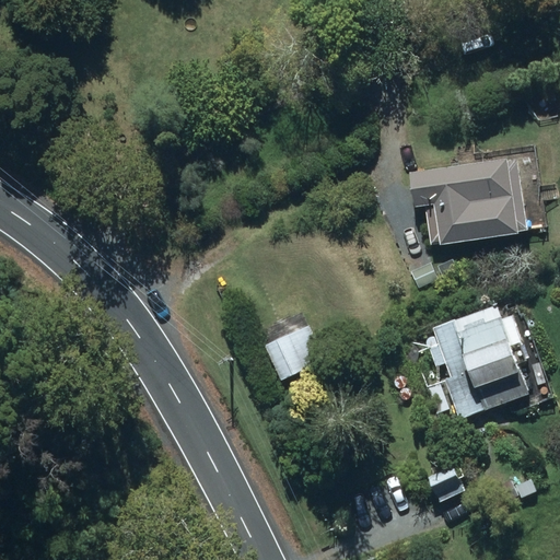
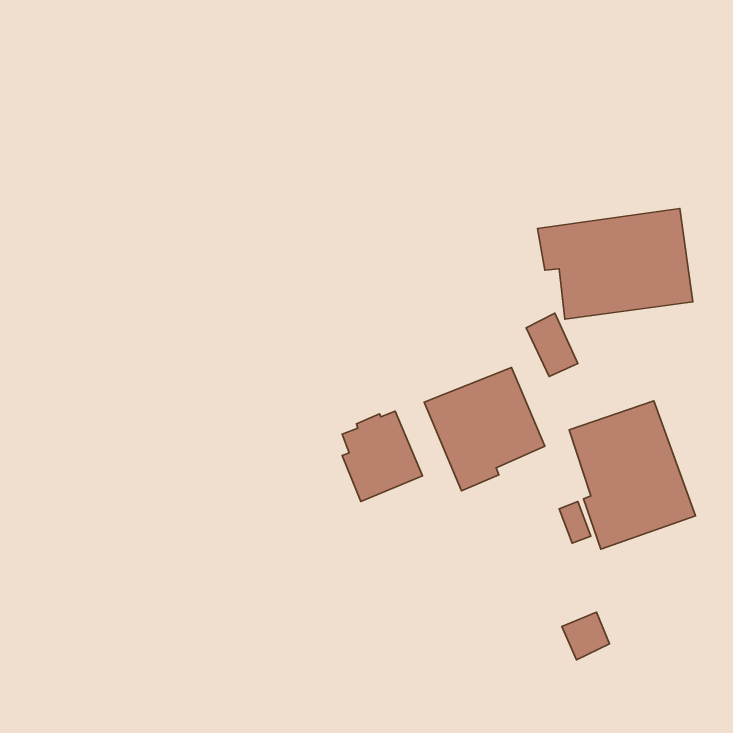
building: none -> [424,367,545,491]

